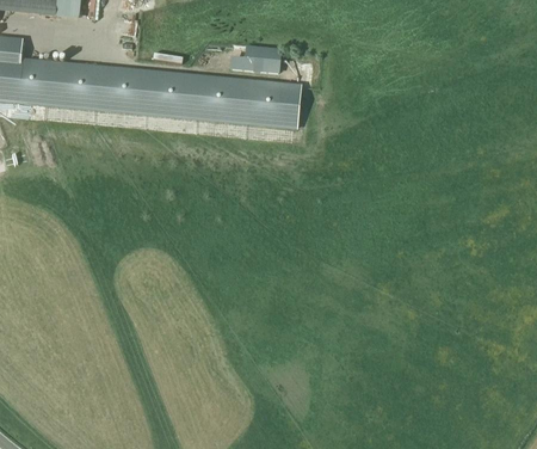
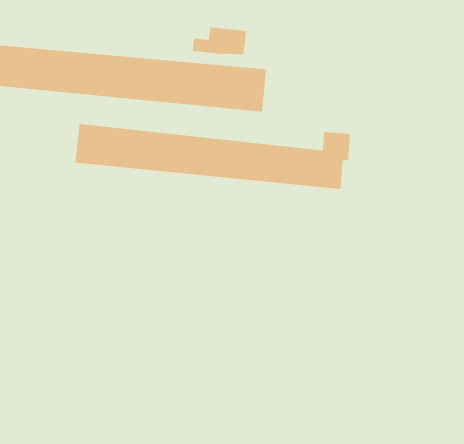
building: none -> [74,123,351,190]

